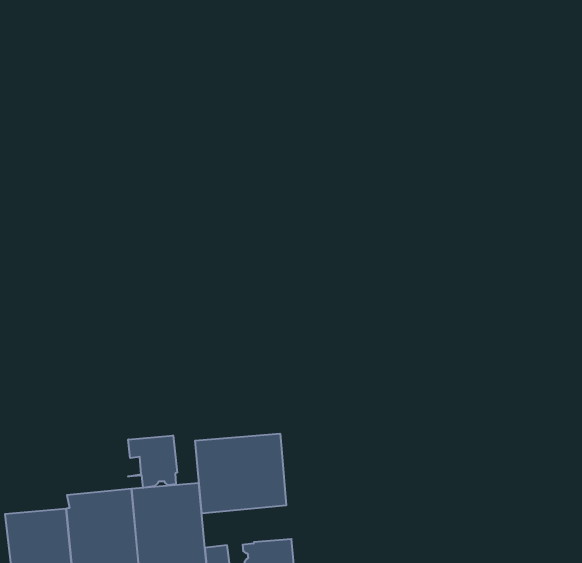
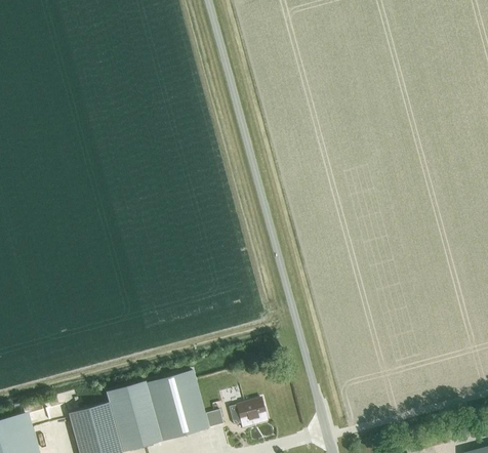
building: [195,434,286,513] -> none
building: [128,435,177,488] -> none

